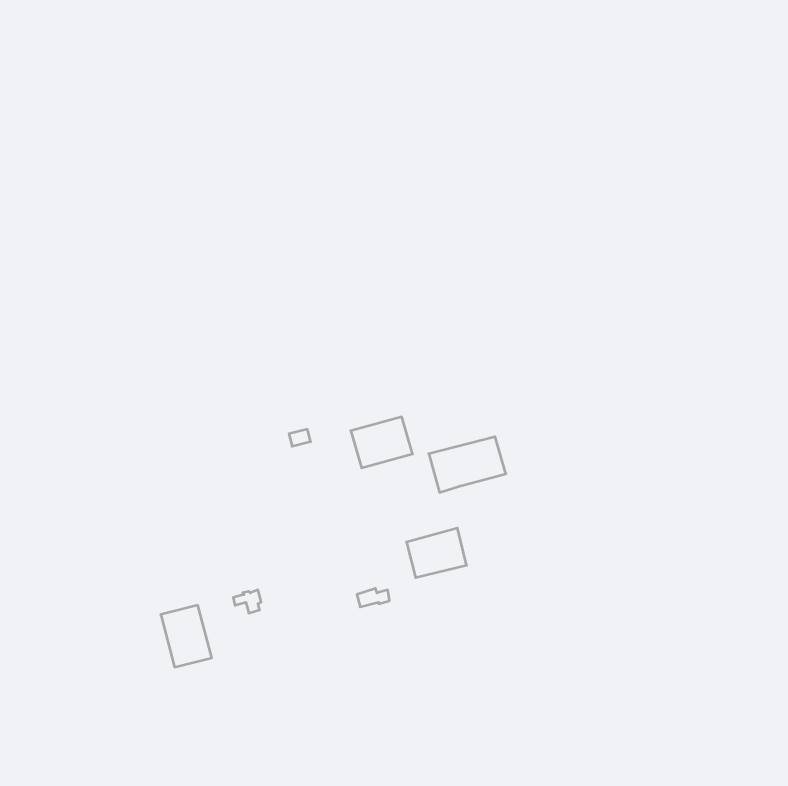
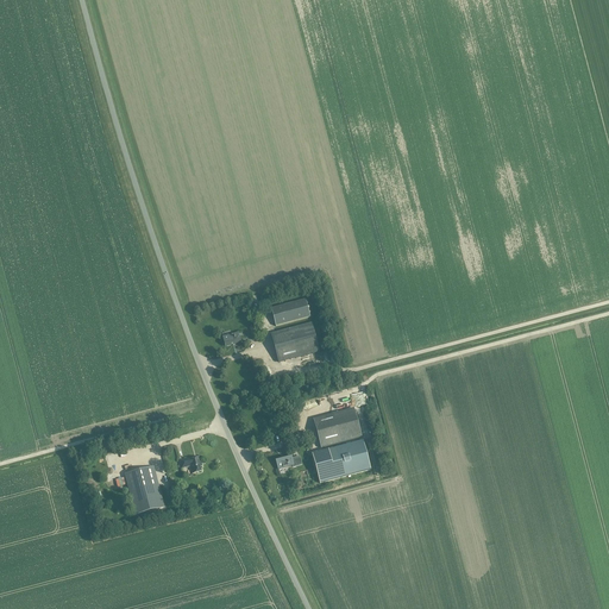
building: none -> [270,297,309,325]
building: [429,437,506,492] -> [310,439,370,482]

